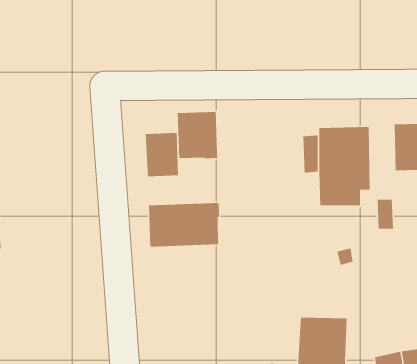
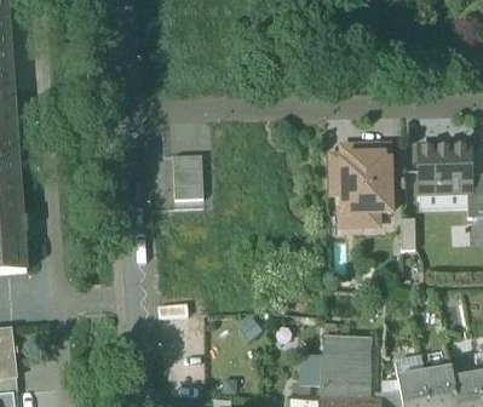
building: [177,111,218,159] -> none
building: [148,202,220,247] -> none

